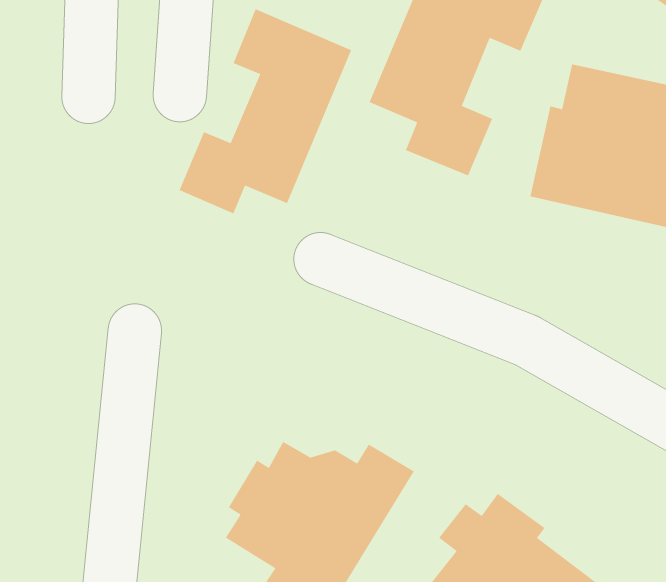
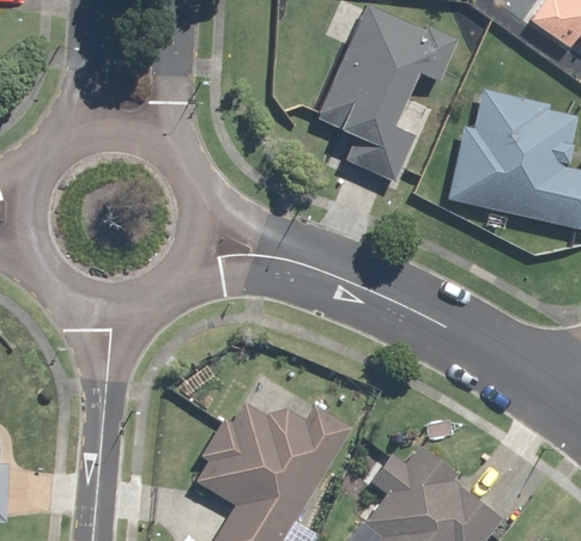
building: [179,8,352,215] -> none

